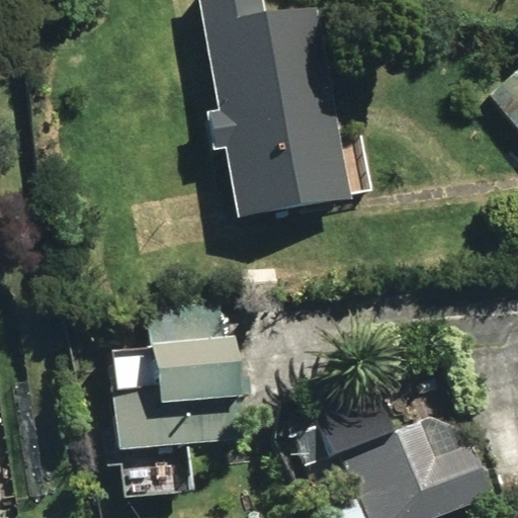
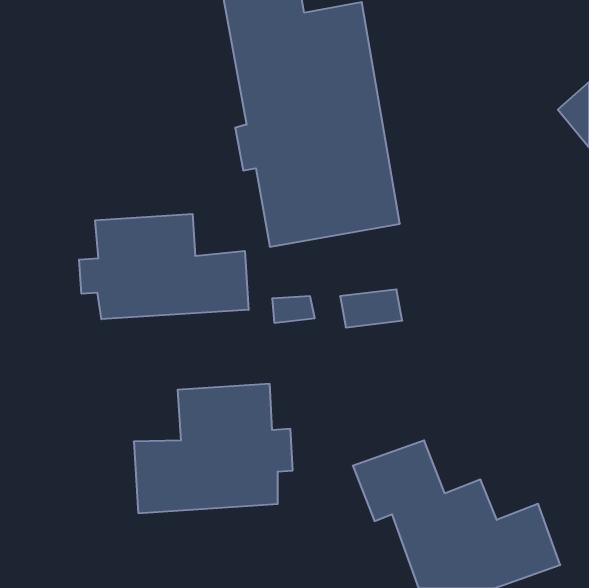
building: none -> [79,214,249,319]

